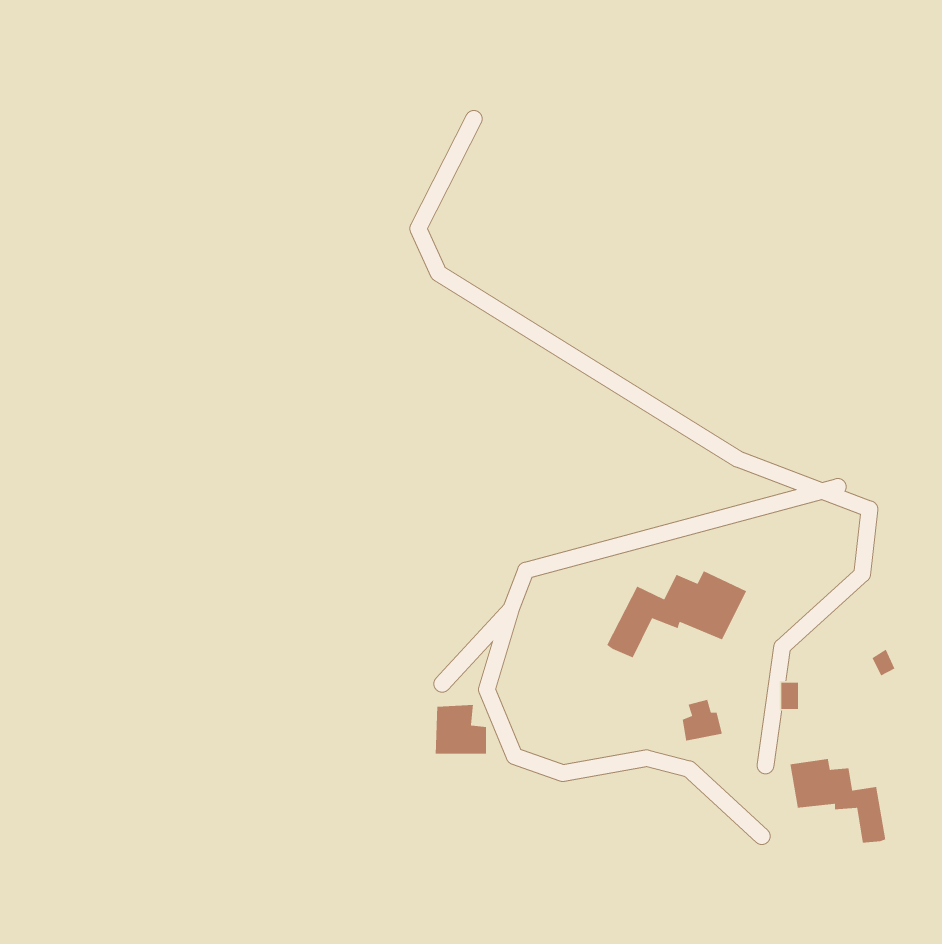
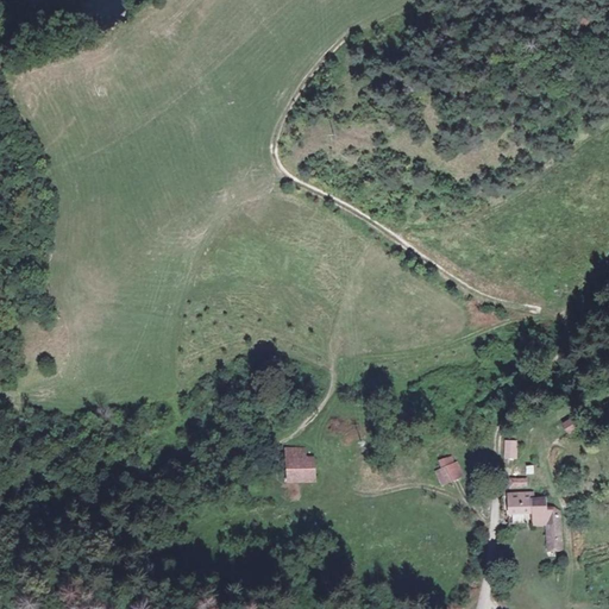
building: [606,570,747,658] -> none

